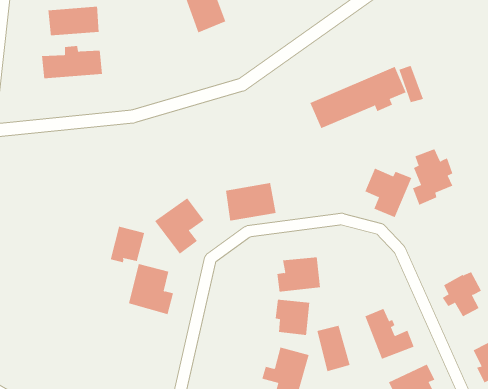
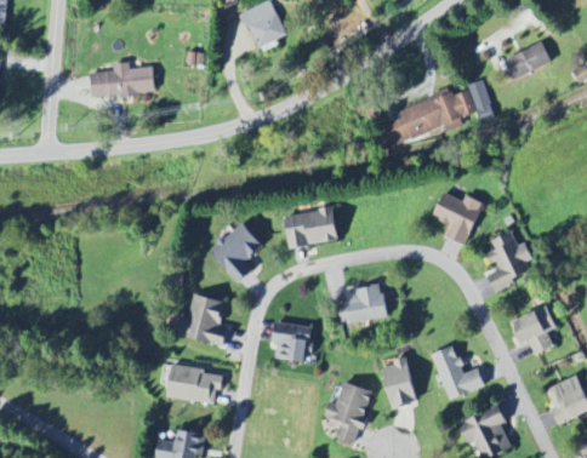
building: [48,6,99,36] -> none
building: none -> [505,41,551,79]
building: [412,148,453,205] -> [488,231,531,292]
building: [110,226,145,263] -> none
building: [275,299,310,336] -> [272,322,309,361]
building: none -> [166,365,221,405]

